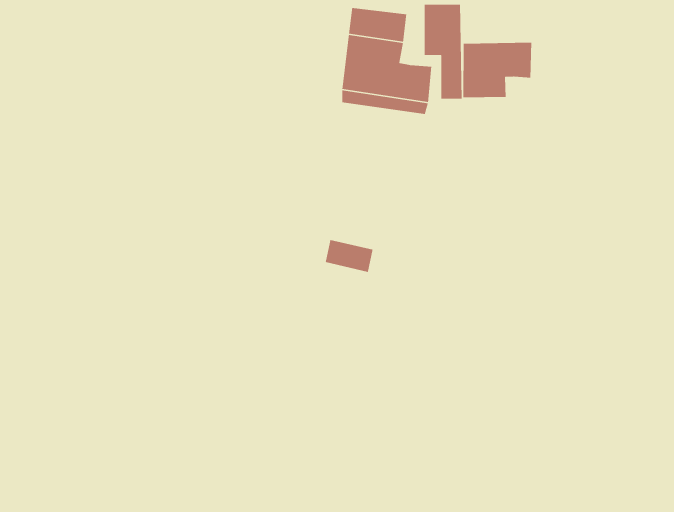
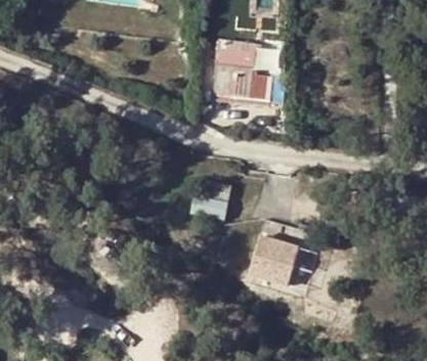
building: [462,42,532,98] -> none
building: none -> [254,236,299,284]

